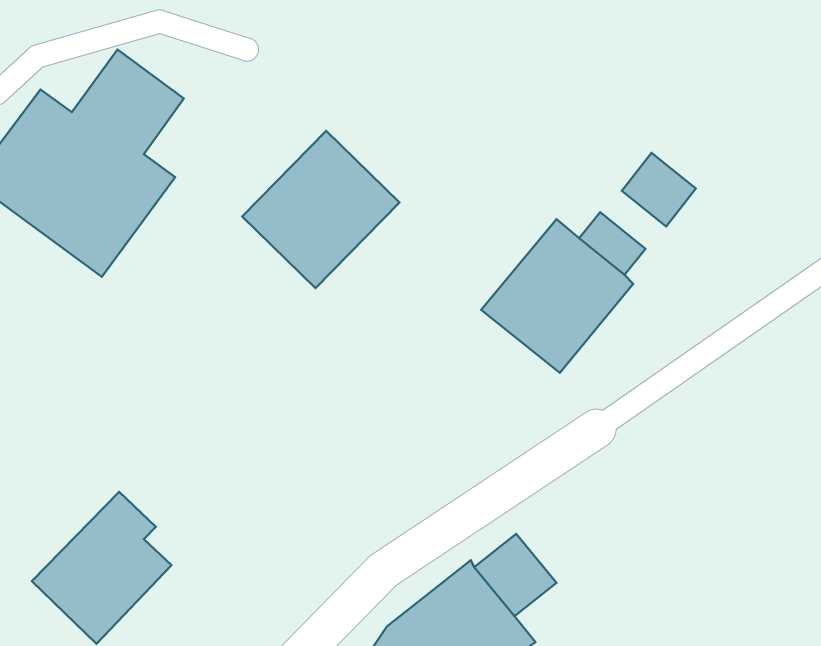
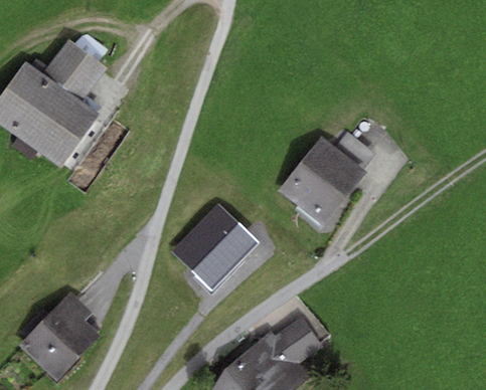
building: [242,131,400,288] -> [169,201,260,291]
building: [622,153,696,227] -> none

